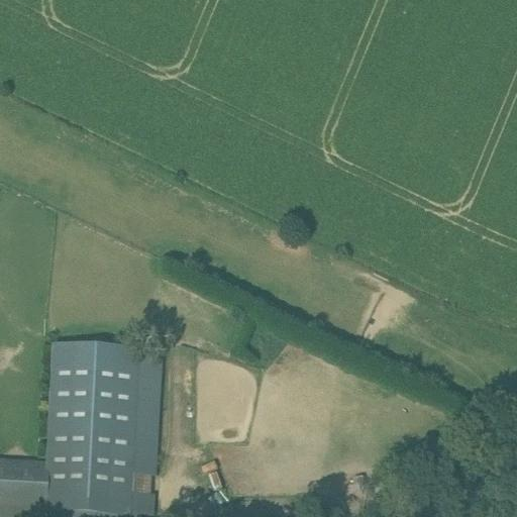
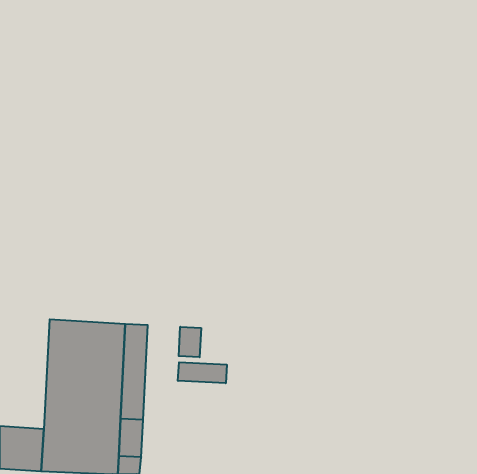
building: none -> [179,327,201,357]
building: none -> [178,362,227,383]

